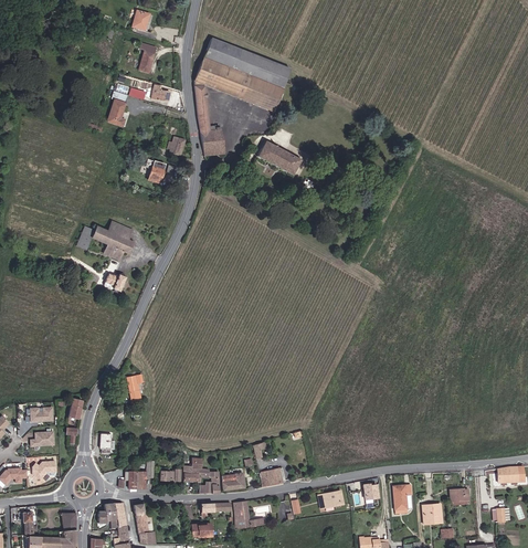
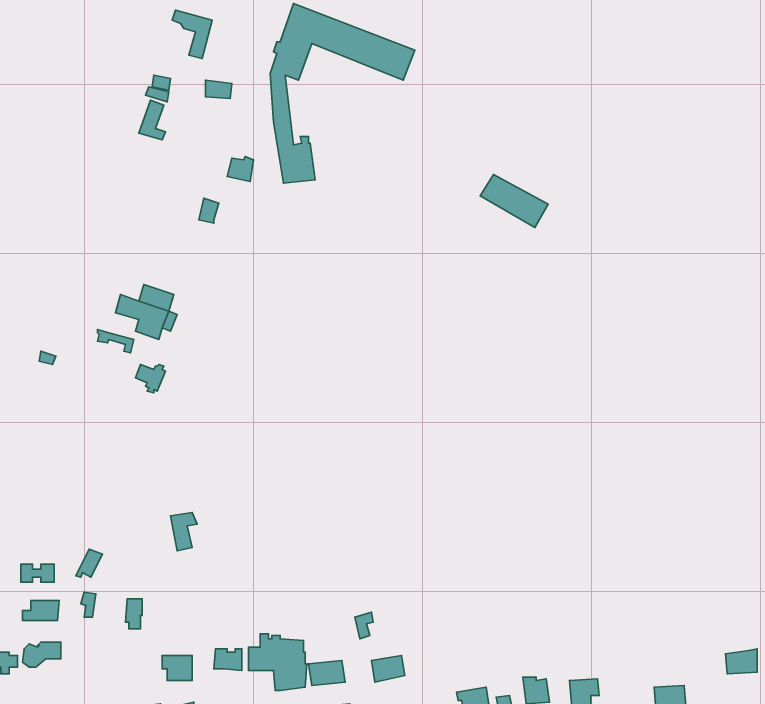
building: [213,63,283,109] -> none
building: [253,140,298,176] -> [480,174,548,228]

